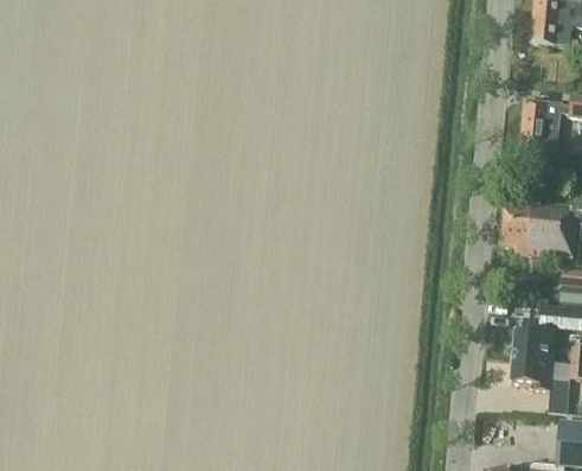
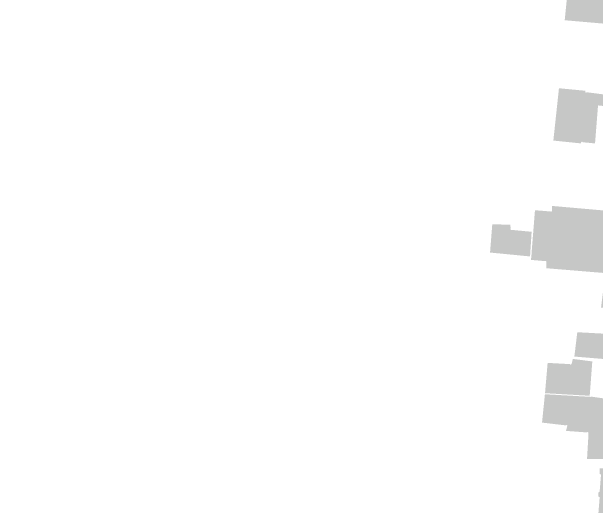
building: none -> [489,224,532,257]

